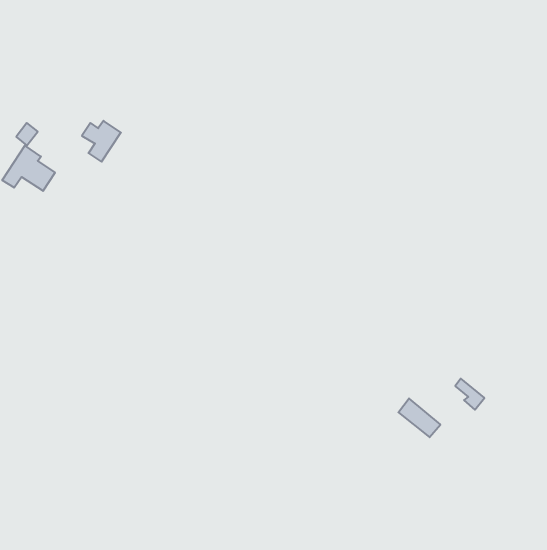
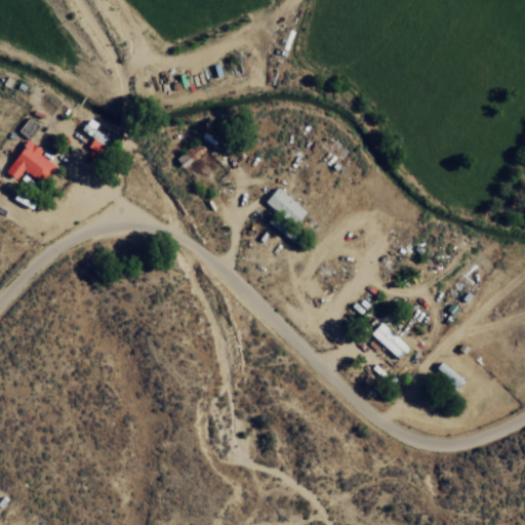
building: none -> [266,187,308,227]
building: [398,398,440,437] -> [371,322,411,359]

